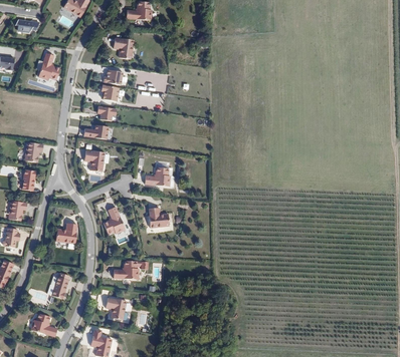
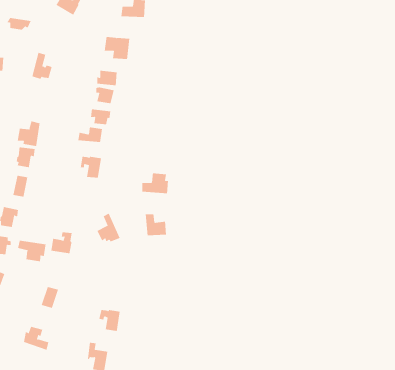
building: none -> [17,120,40,147]
building: none -> [18,240,46,262]
building: [111,260,146,280] -> none

